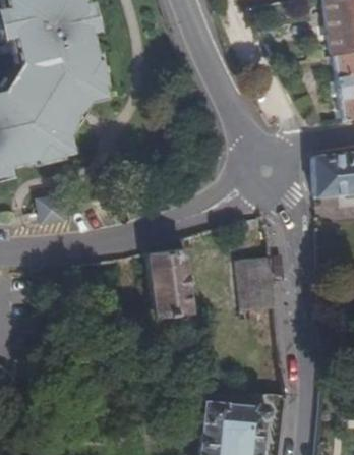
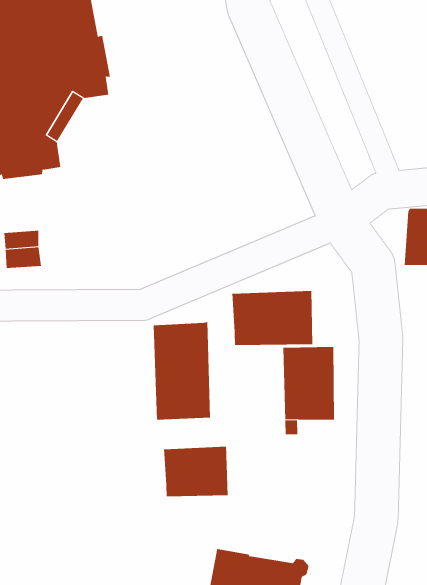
building: none -> [232,290,313,346]
building: none -> [164,446,228,497]

